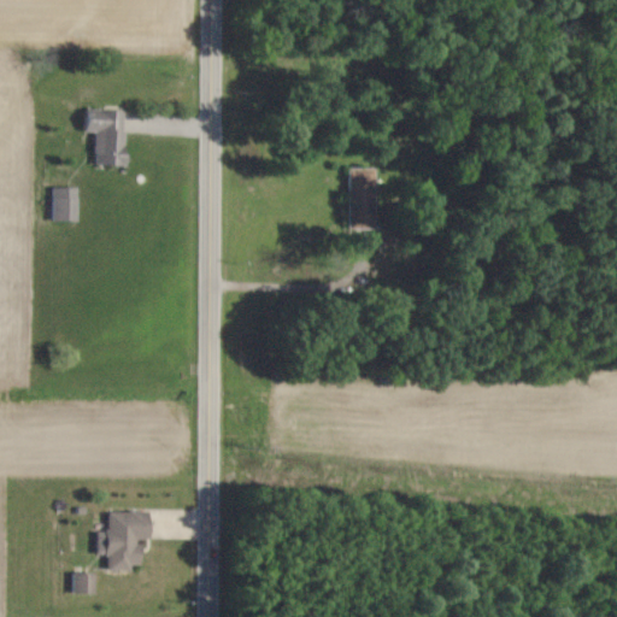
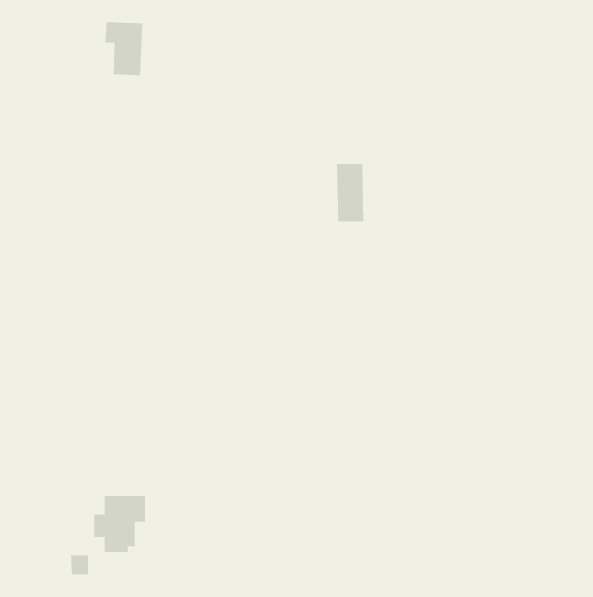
building: [86,111,125,166] -> [105,22,143,76]
building: [51,188,77,222] -> none

